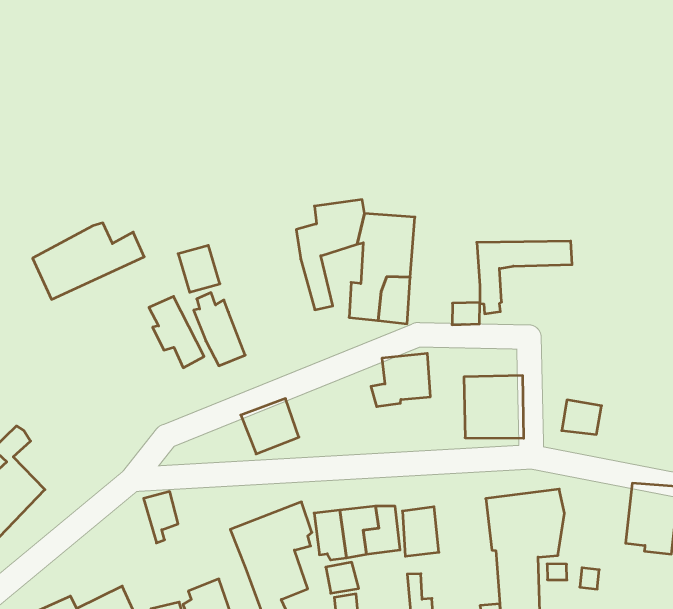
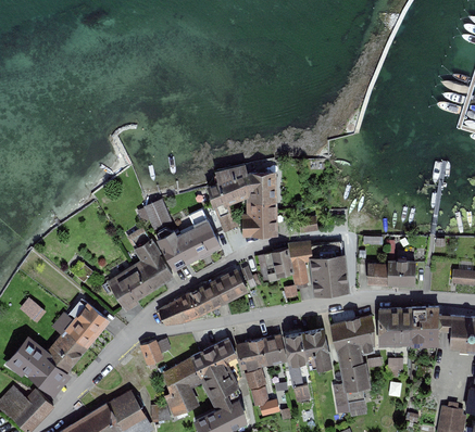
building: [33,223,144,299] -> [111,261,173,306]
building: [477,241,572,314] -> [289,242,343,288]
building: none -> [176,209,220,261]
building: none -> [213,271,246,303]
building: none -> [388,262,415,283]
building: none -> [65,301,108,347]
building: none -> [159,294,200,323]
building: none -> [378,308,411,343]
building: none -> [302,330,330,369]
building: none -> [164,358,201,395]

